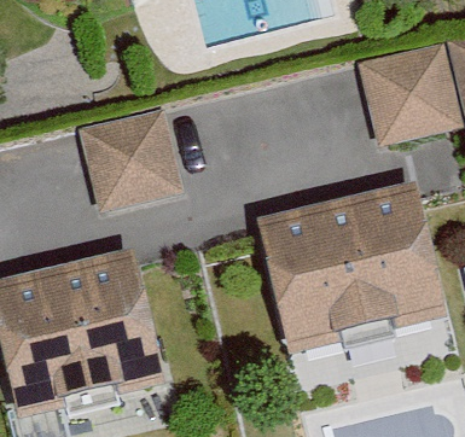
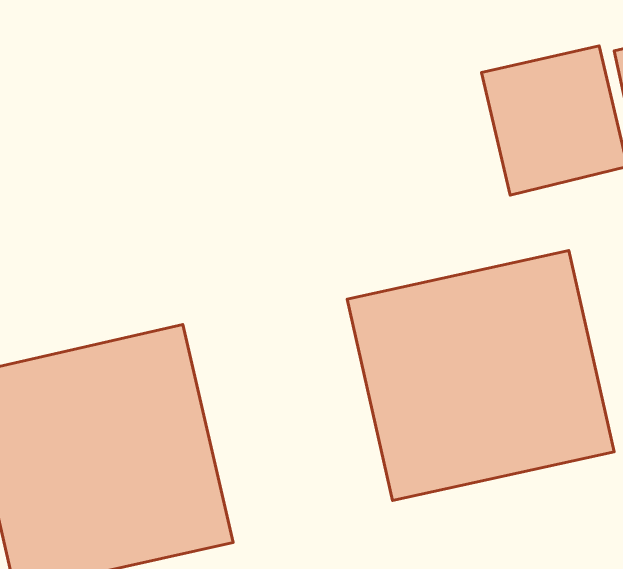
building: [74,109,182,217] -> none

